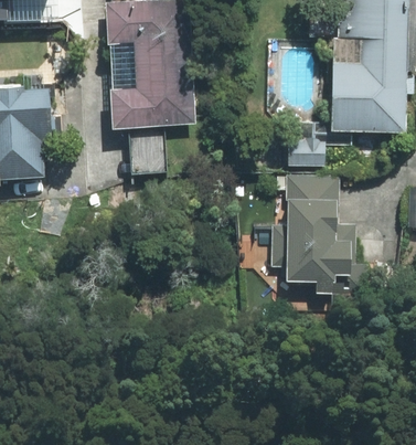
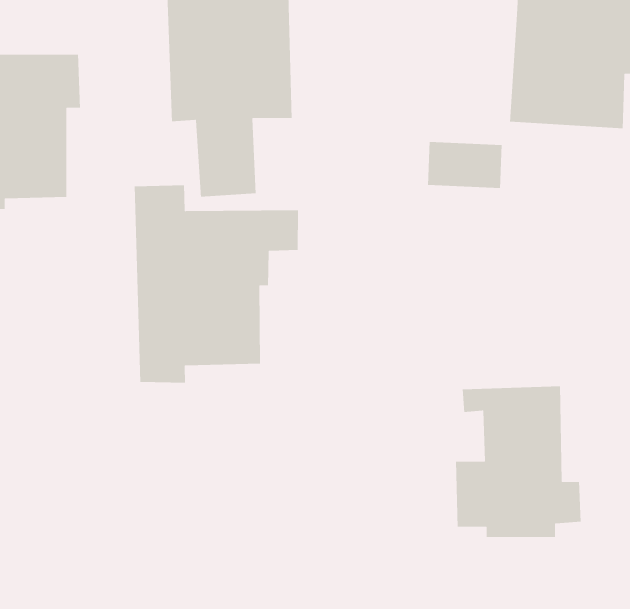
building: none -> [134,185,299,383]
building: [268,179,350,277] -> [455,386,581,538]

